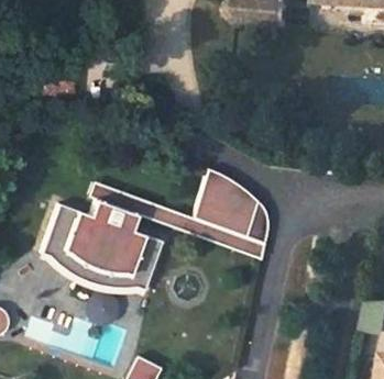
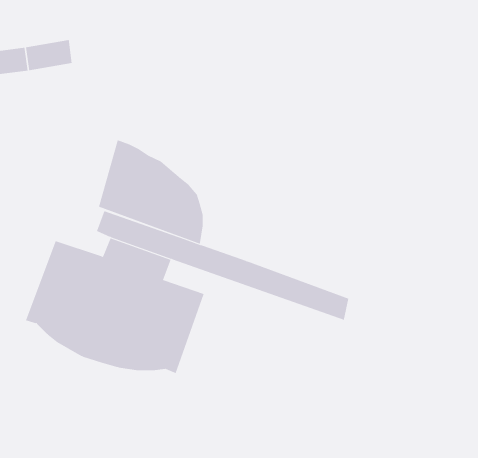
building: [191,168,265,242] -> [98,139,204,245]

